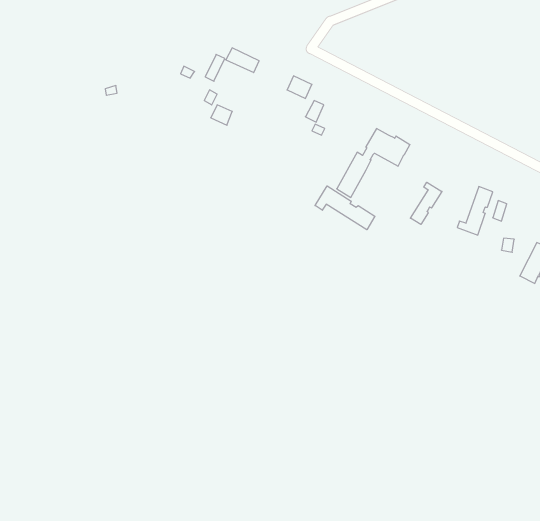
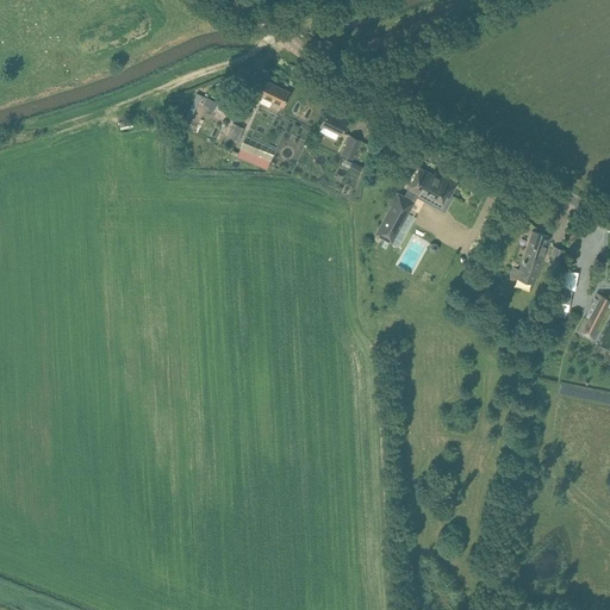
building: [410,182,442,224] -> none
building: [315,186,375,230] -> none

